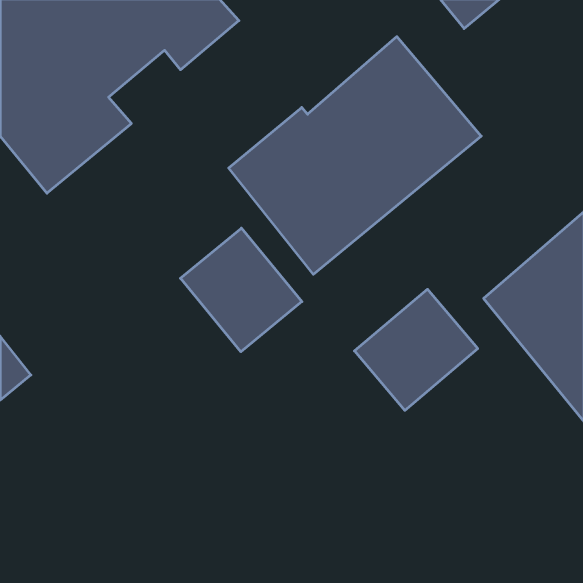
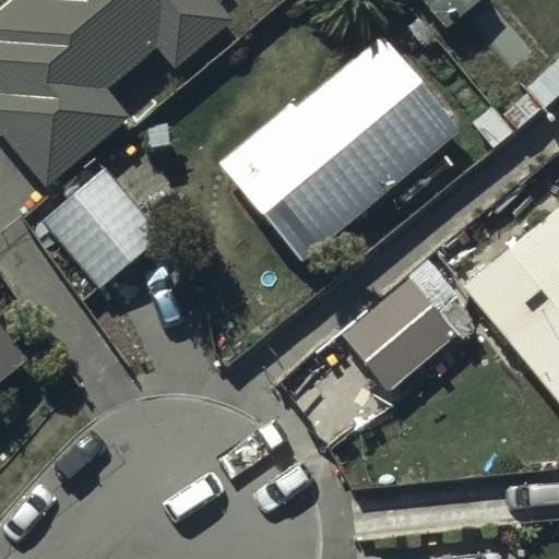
building: none -> [39,167,162,289]
building: [180,228,302,352] -> none

